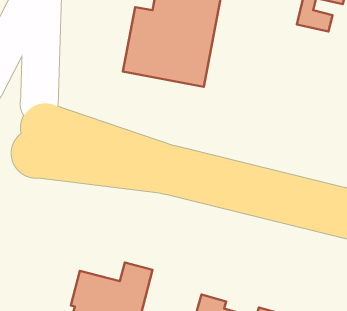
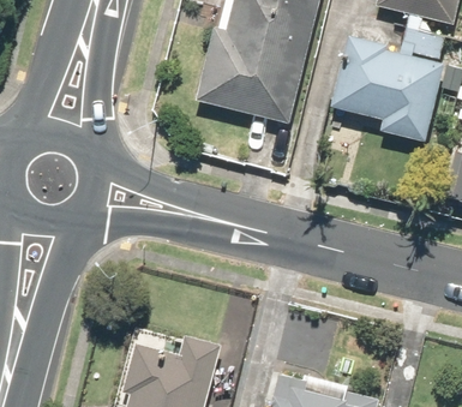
building: none -> [325,41,437,148]

